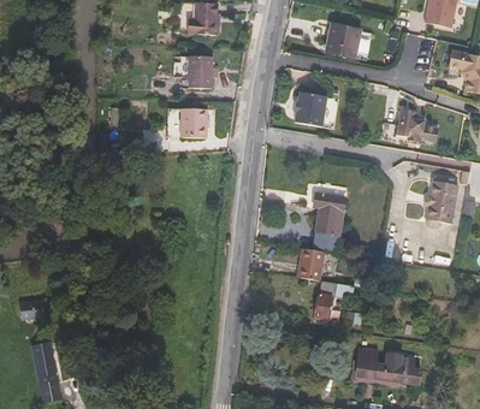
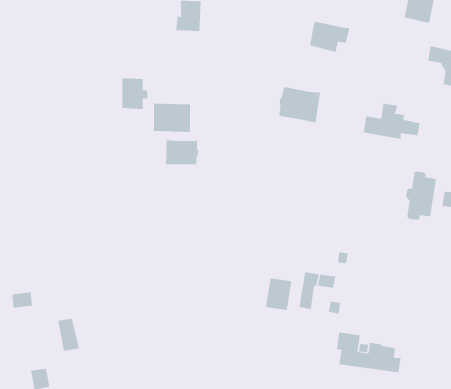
building: [186,55,214,88] -> [121,78,148,109]
building: none -> [165,139,199,165]
building: [314,195,345,236] -> none
building: [297,248,325,281] -> [265,278,292,311]
building: [34,349,57,383] -> [57,318,80,351]

